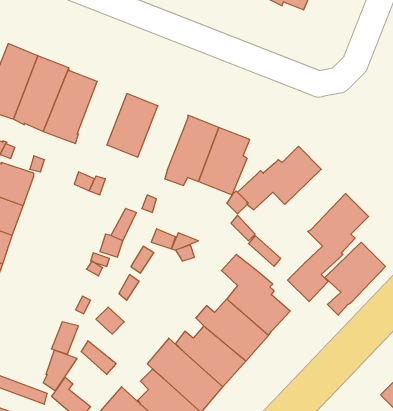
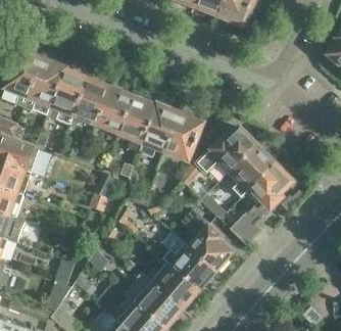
building: none -> [72,77,110,125]
building: none -> [118,95,156,150]
building: [325,242,385,315] -> [230,143,276,198]

